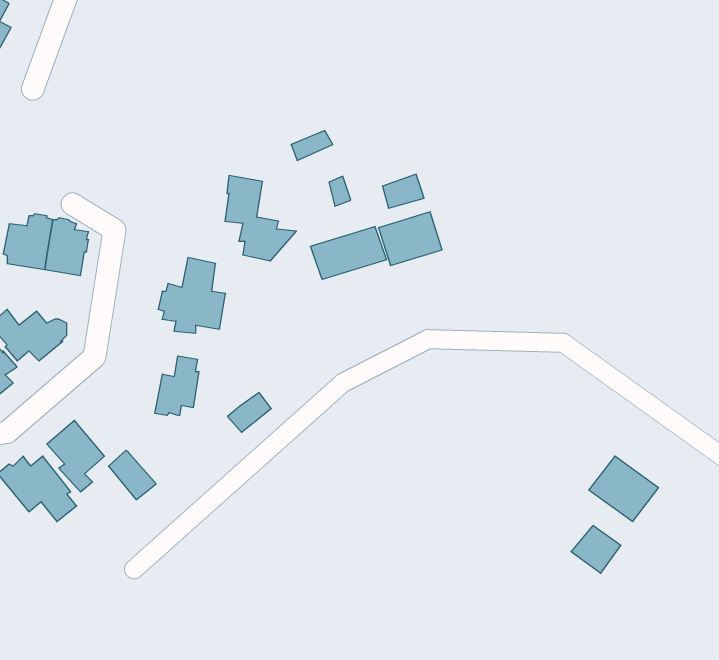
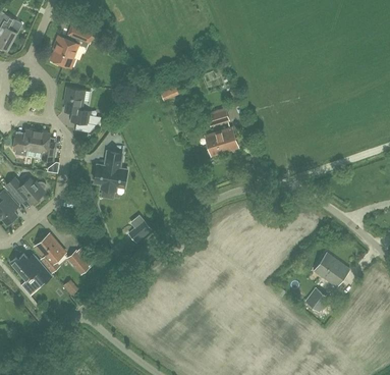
building: none -> [51,36,77,66]
building: [225,176,296,261] -> [64,88,101,131]
building: [311,226,386,279] -> none
building: [155,356,199,416] -> none

